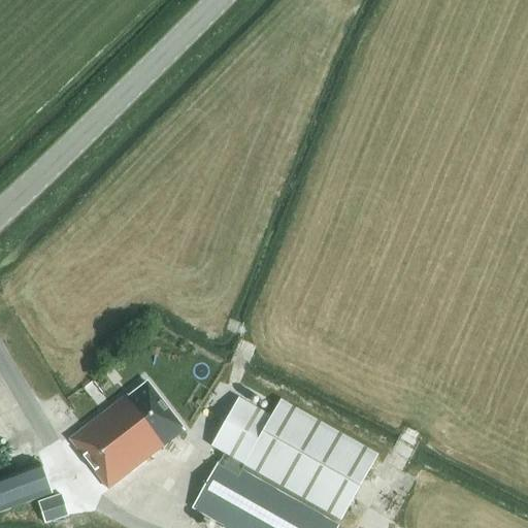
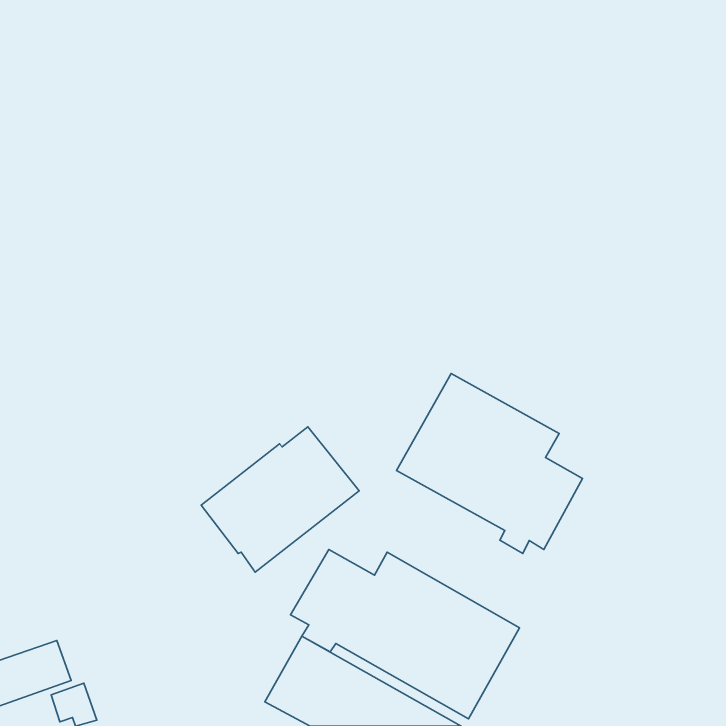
building: none -> [397,374,583,553]
building: [69,383,184,488] -> [201,427,359,572]

